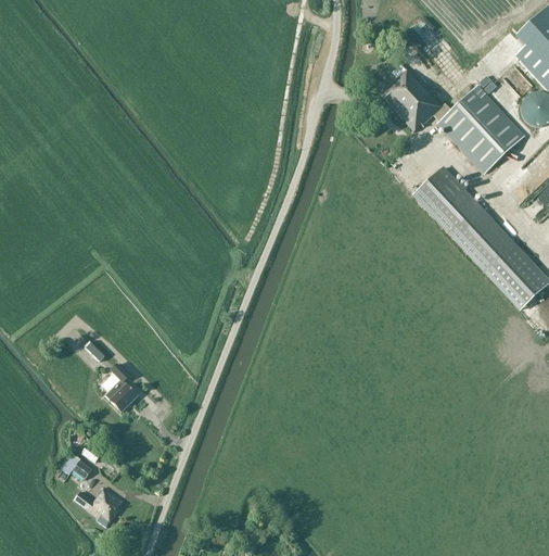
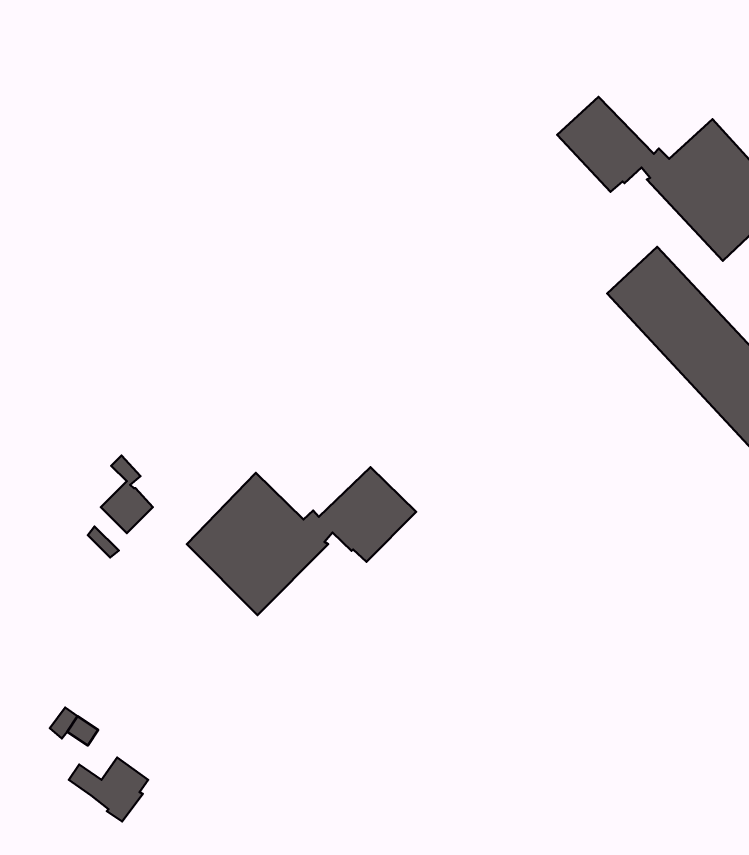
building: none -> [187,467,416,615]
building: [105,363,138,412] -> [101,455,153,533]

